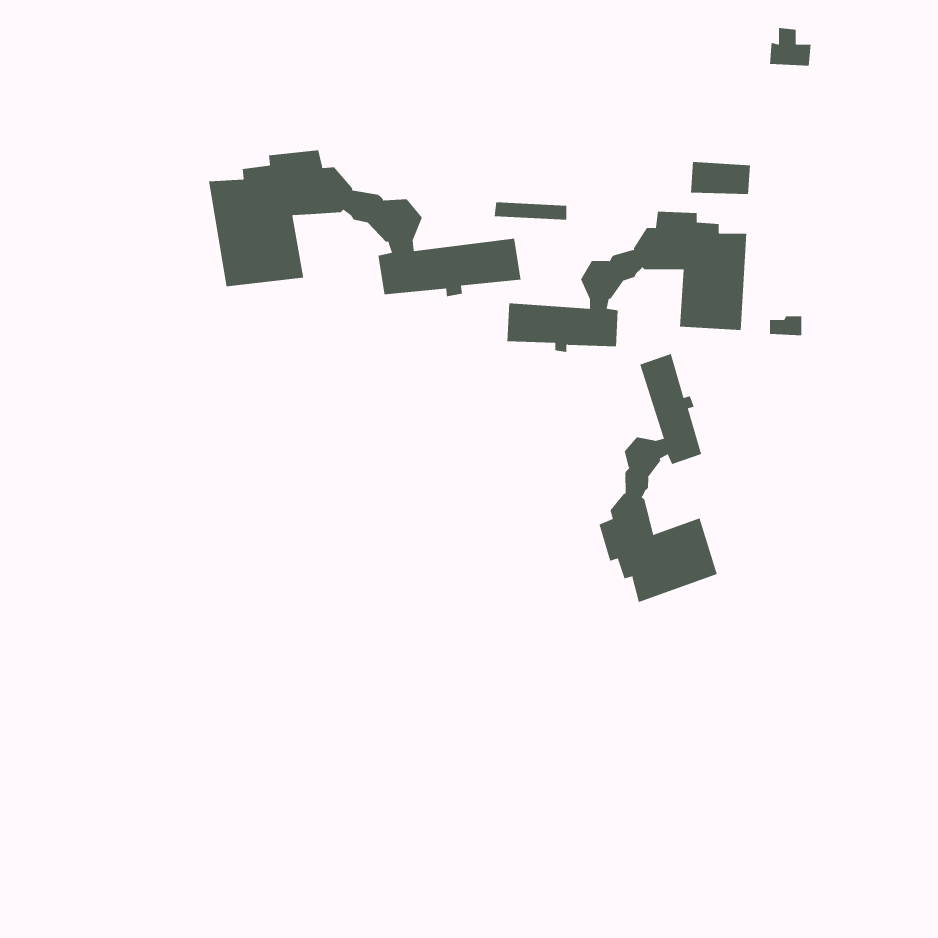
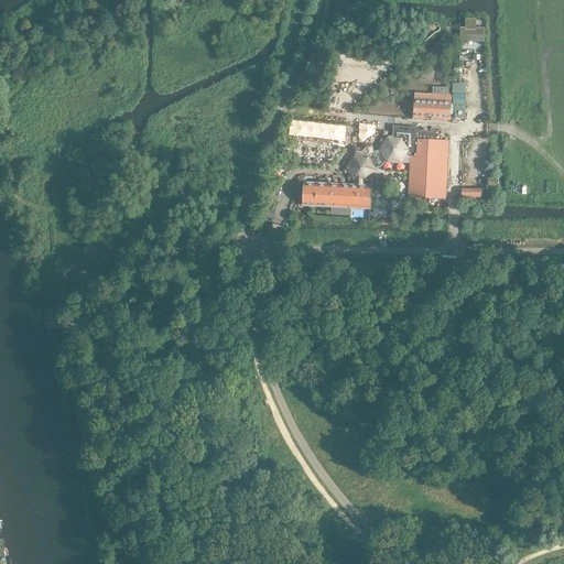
building: [209,149,521,297] -> none
building: [599,353,718,603] -> none

